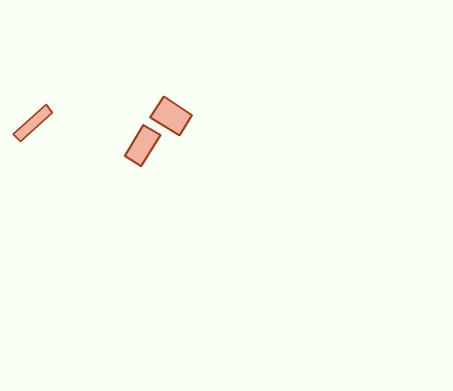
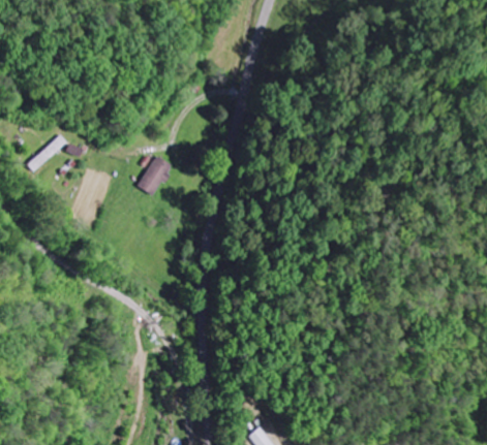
building: [150,97,192,135] -> none

